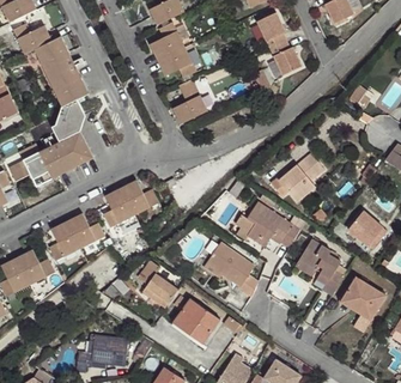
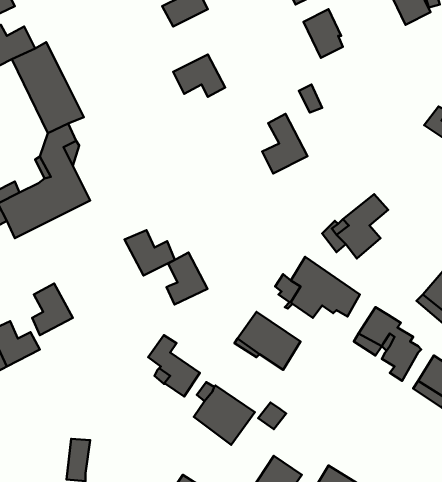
building: [150,22,183,60] -> none
building: [269,41,300,75] -> none
building: [172,79,207,124] -> [262,114,308,173]
building: [103,188,134,227] -> [167,253,207,304]
building: [66,213,104,248] -> none
building: [90,336,128,366] -> none

